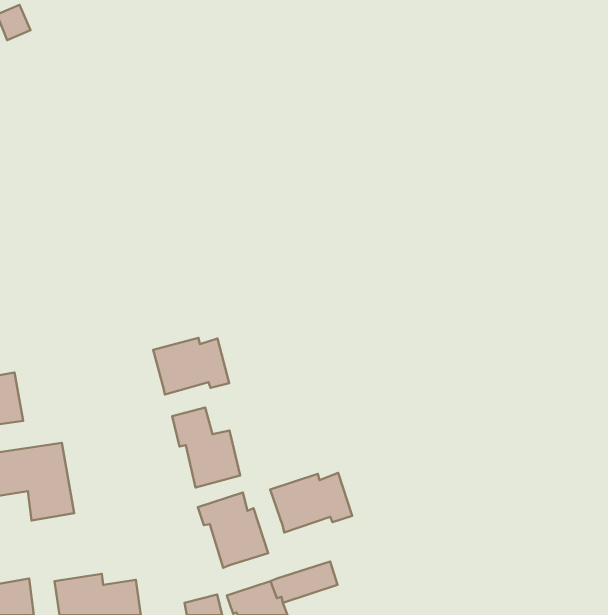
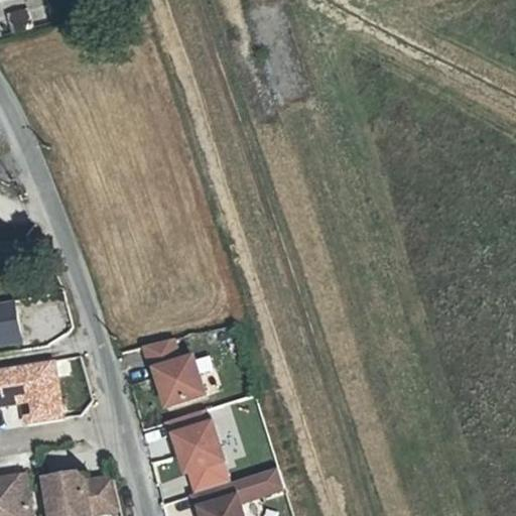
building: [153,338,229,394] -> none
building: [270,473,352,532] -> none
building: none -> [190,460,230,492]

